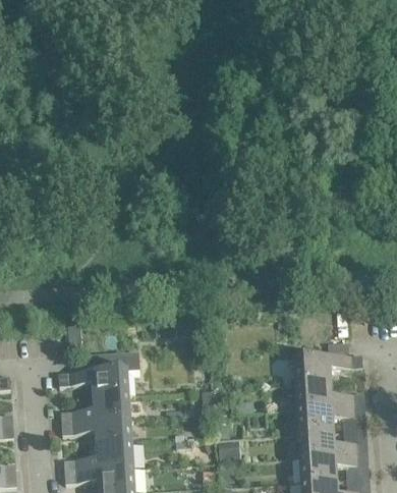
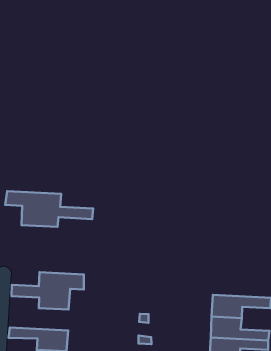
building: none -> [5,191,93,227]
building: [60,394,129,423] -> none

